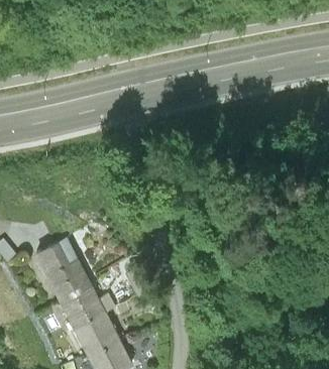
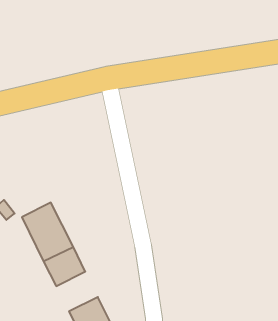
building: [73,313,119,357] -> none

